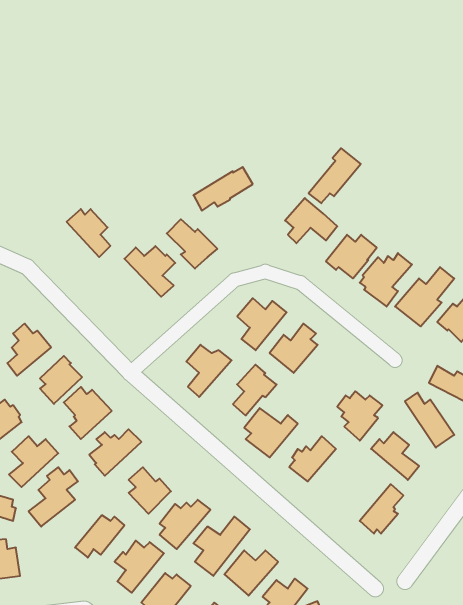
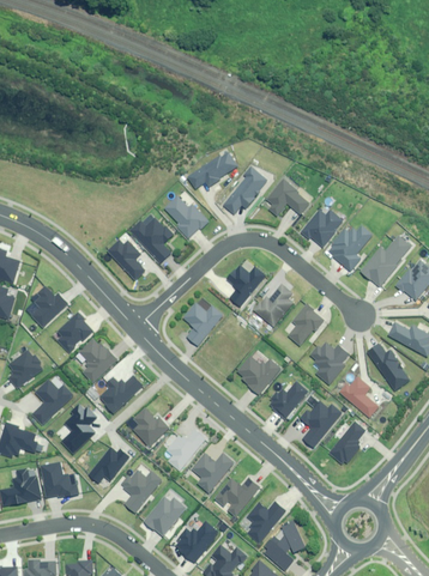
building: [309,148,361,203] -> [224,165,268,212]
building: [67,209,110,257] -> [108,238,145,279]
building: [233,365,277,415] -> [288,302,325,345]
building: none -> [301,400,343,447]
building: none -> [41,460,78,497]

